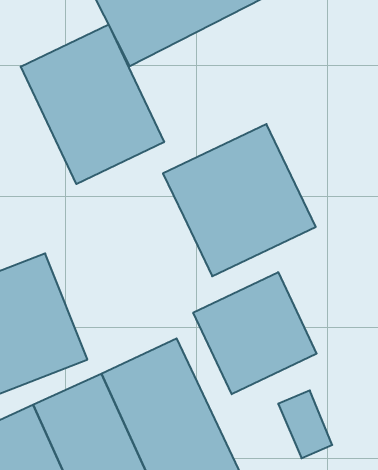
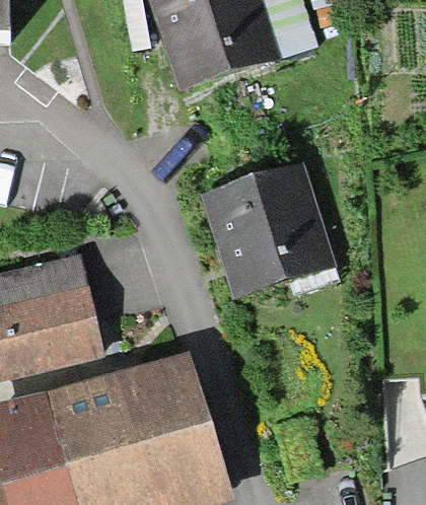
building: [21,25,164,184] -> none
building: [193,272,317,394] -> none

